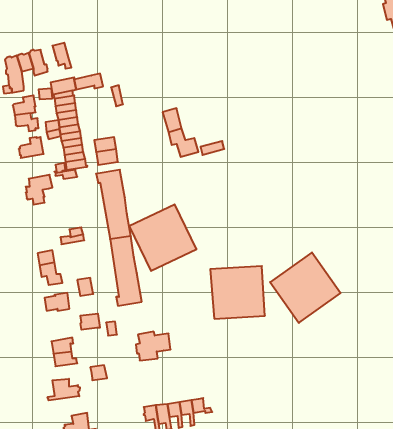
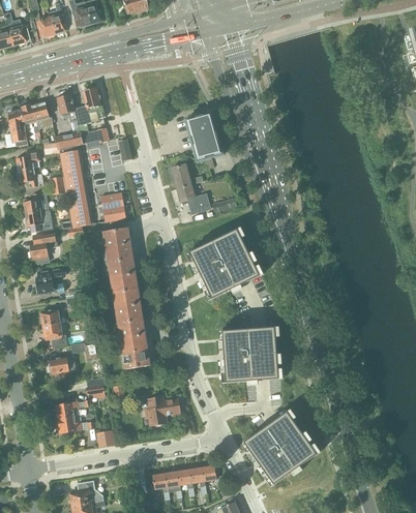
building: none -> [75,87,105,124]
building: none -> [186,112,221,159]
building: none -> [24,209,53,232]
building: [129,204,197,271] -> [189,229,260,298]
building: none -> [35,269,65,293]
building: [270,252,341,323] -> [243,411,317,484]
building: [48,379,80,400] -> none

